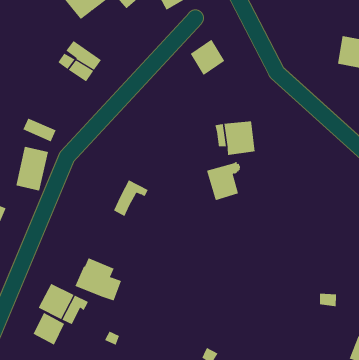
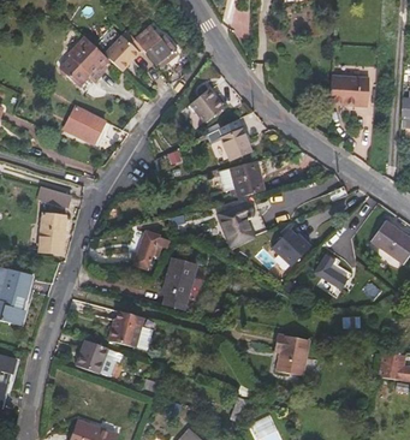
building: none -> [216,118,251,160]
building: none -> [272,226,311,263]
building: none -> [162,258,195,309]
building: none -> [313,254,347,290]
building: none -> [273,334,308,376]
building: [33,312,65,346] -> none

